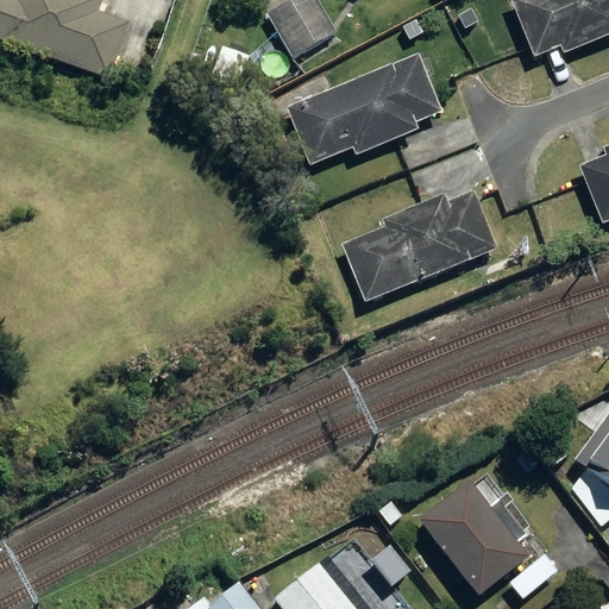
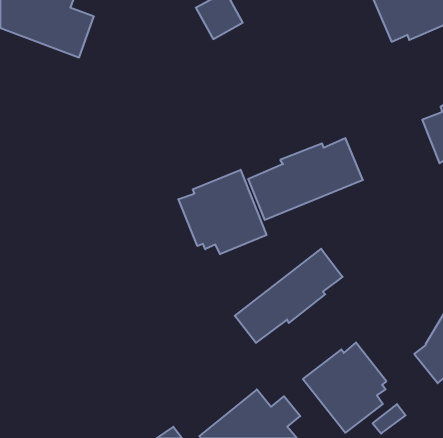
building: [287,54,442,164] -> none
building: none -> [178,170,267,254]
building: none -> [235,249,343,343]

